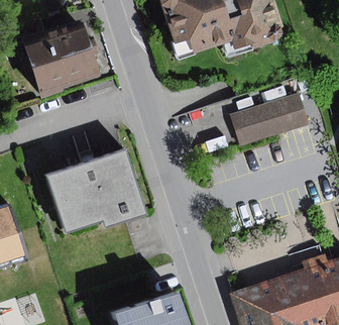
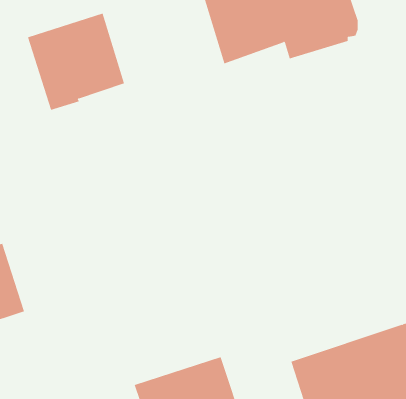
building: [229,91,309,144] -> none
building: [43,148,144,231] -> none

